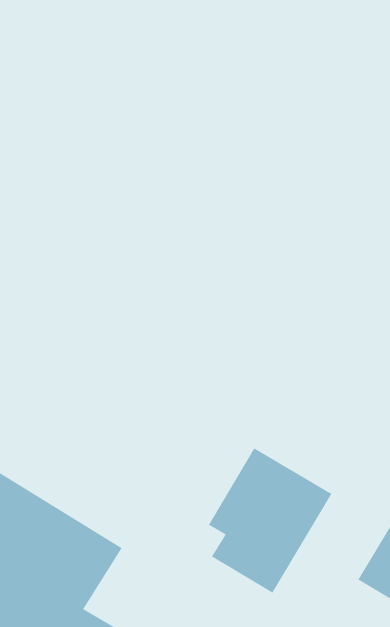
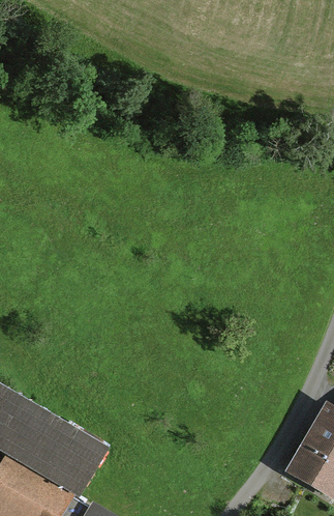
building: [208,447,332,594] -> none

